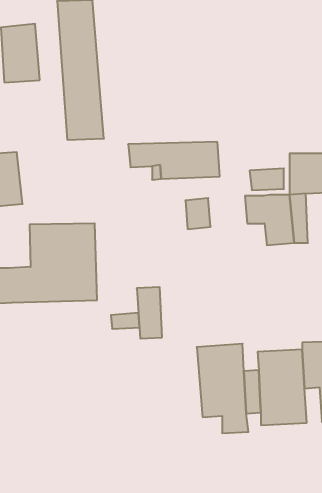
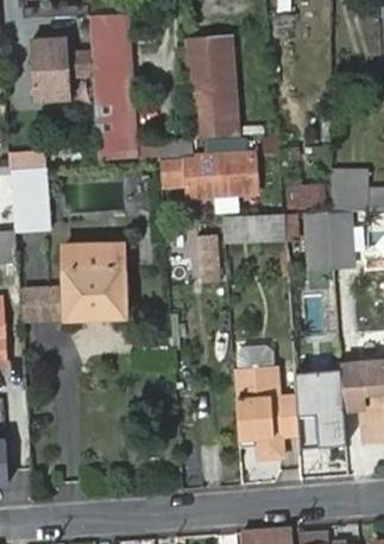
building: none -> [185,38,234,137]
building: none -> [245,213,285,245]
building: [137,287,162,339] -> [196,233,222,286]

